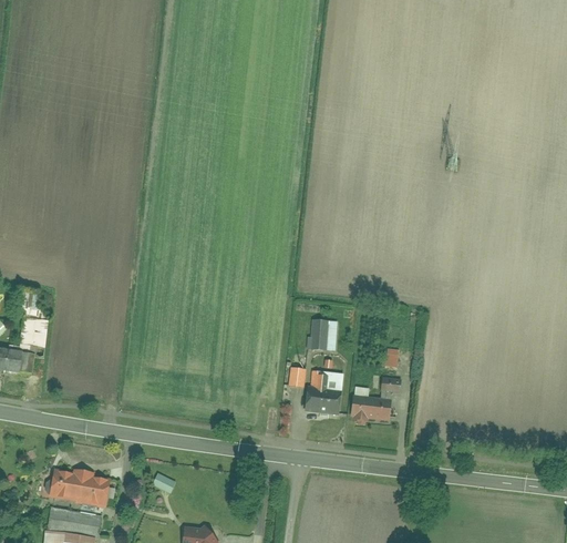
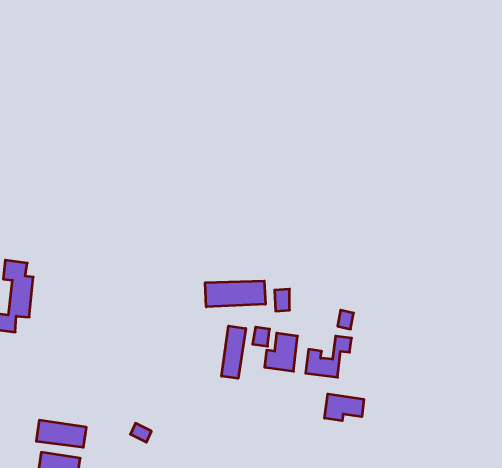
building: none -> [205,281,265,307]
building: none -> [222,326,246,378]
building: none -> [325,394,364,421]

